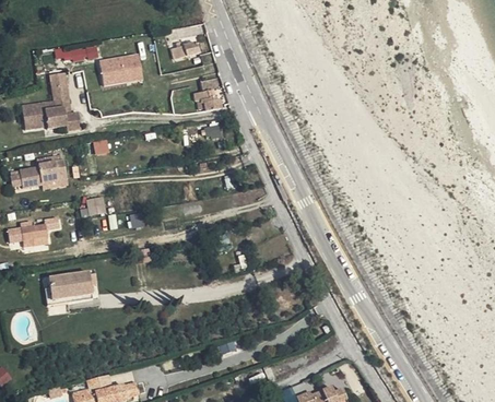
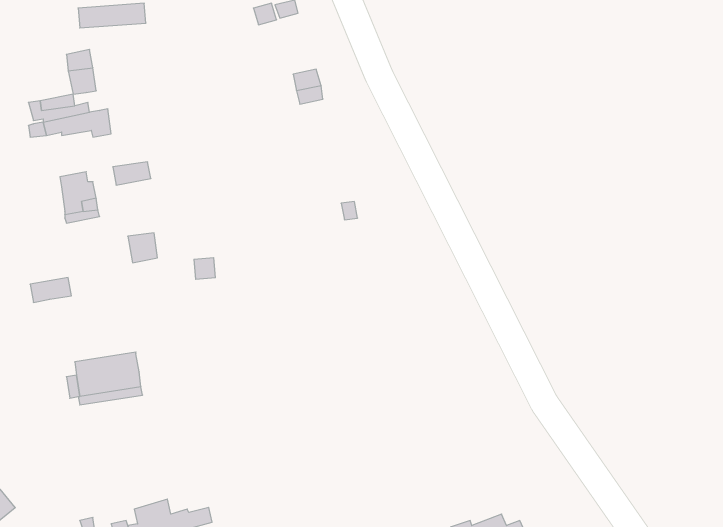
building: [98,52,144,86] -> none
building: [8,165,44,188] -> none

